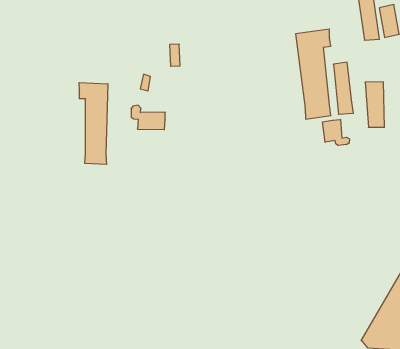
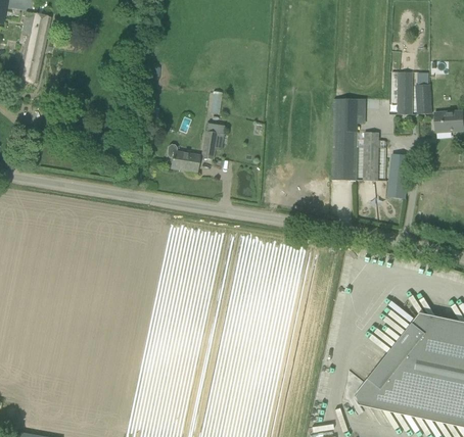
building: none -> [201,124,224,157]
building: [79,83,108,164] -> none
building: [323,119,350,145] -> none

